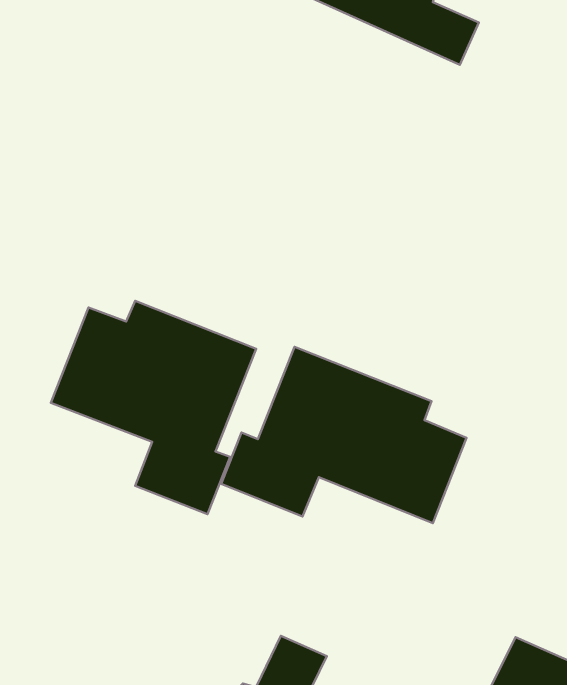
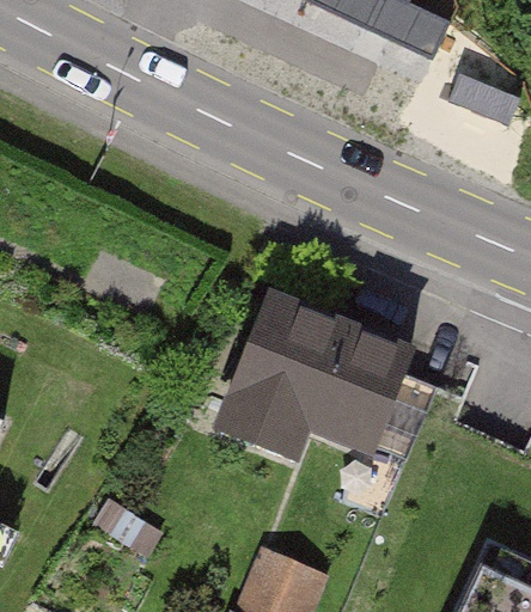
building: [51,301,256,514] -> none

